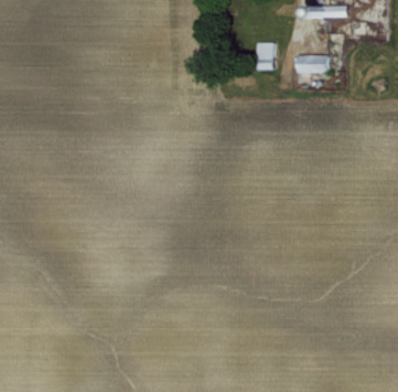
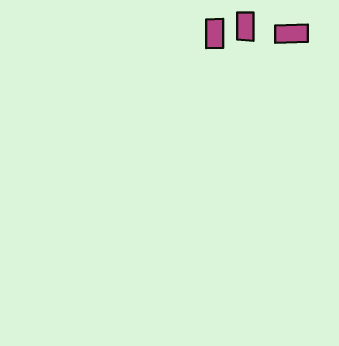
building: none -> [206,19,223,48]

